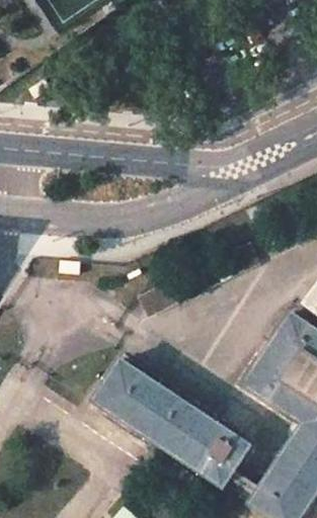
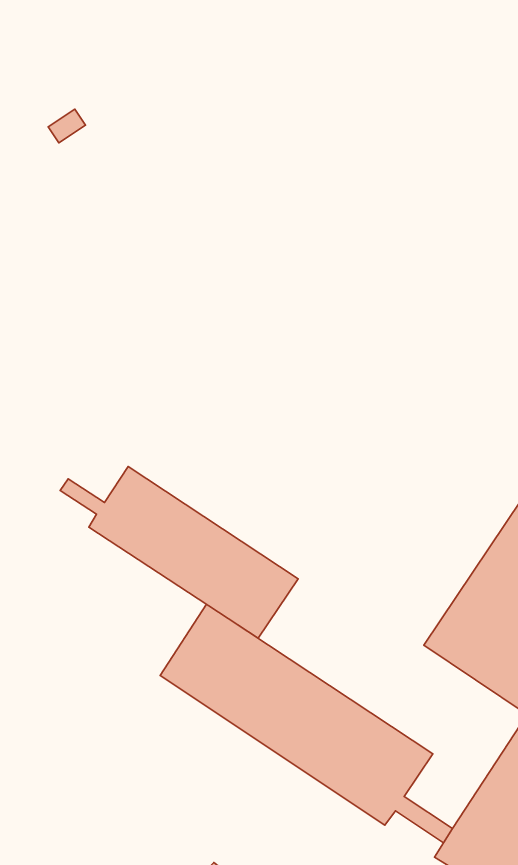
building: none -> [60,467,298,638]

